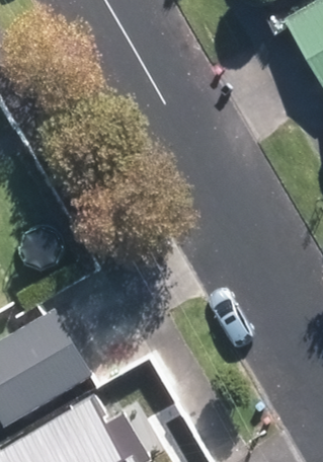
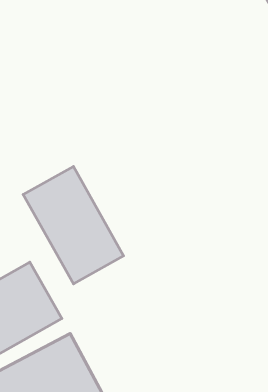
building: none -> [23,167,124,284]

